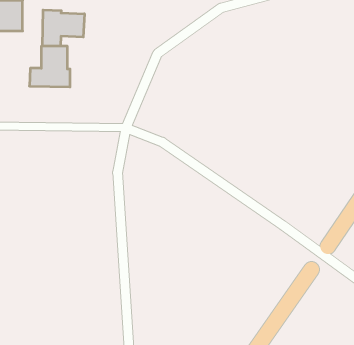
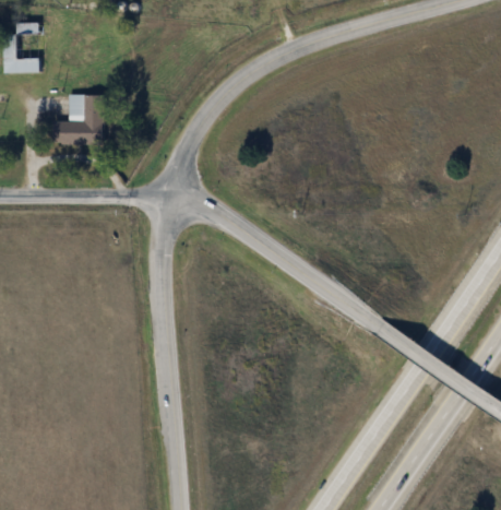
building: [42,10,84,46] -> none

